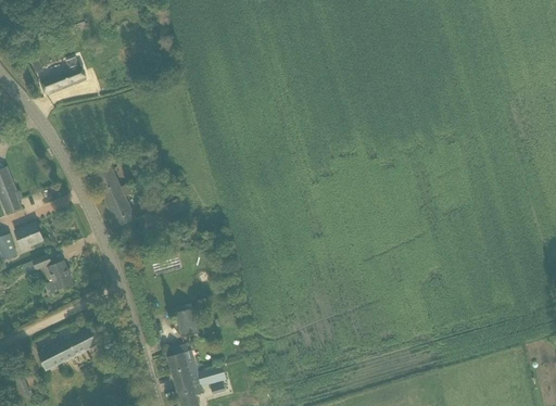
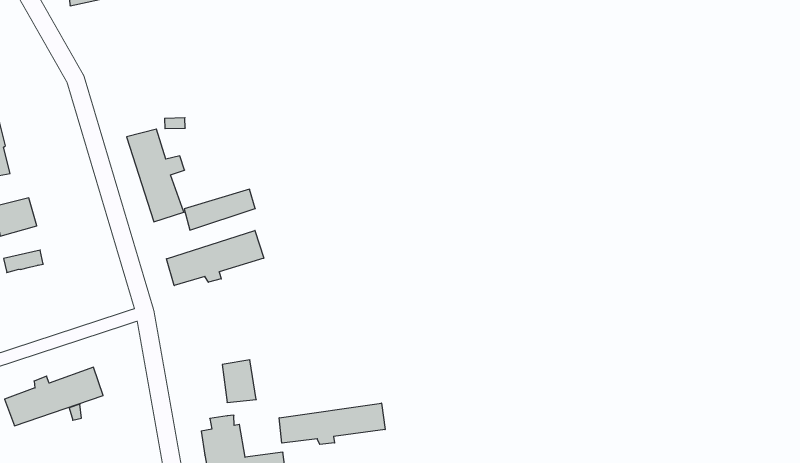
building: none -> [166,230,264,286]
building: [45,262,73,295] -> none
building: none -> [279,403,385,444]

